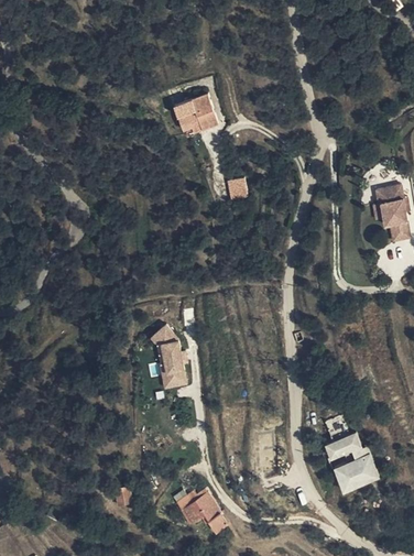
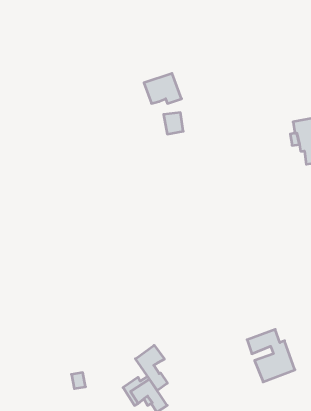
building: [175,94,219,129] -> [144,73,182,103]
building: [154,328,186,391] -> none
building: none -> [135,345,167,391]

